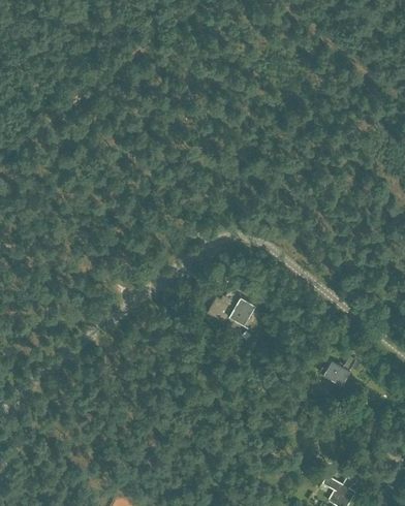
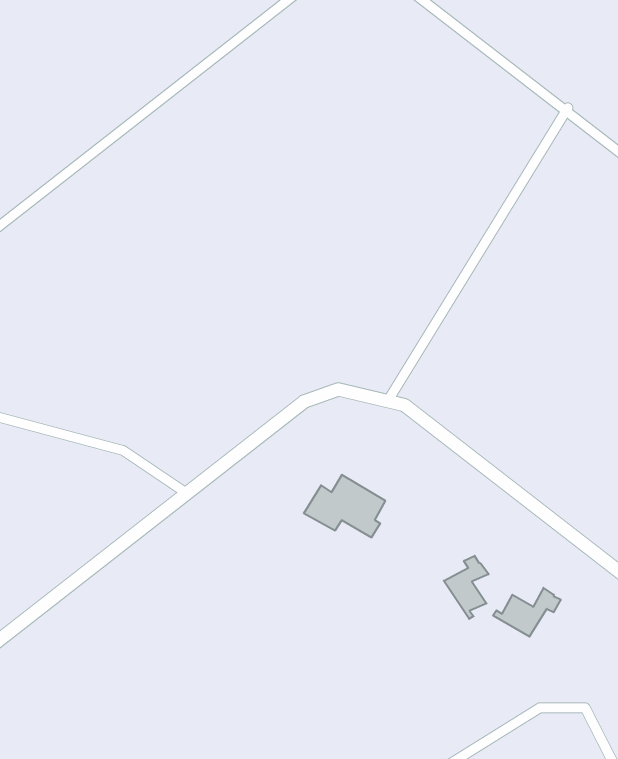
building: none -> [444,556,489,619]

